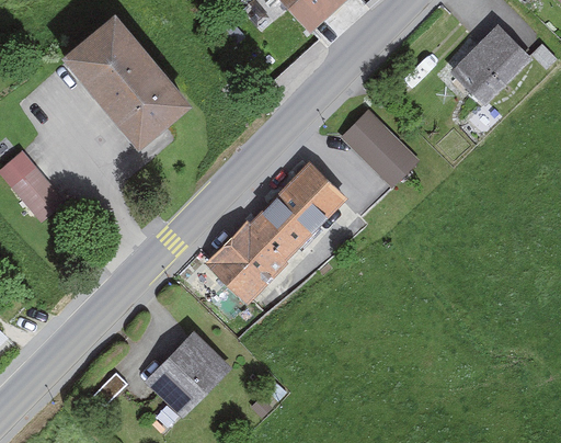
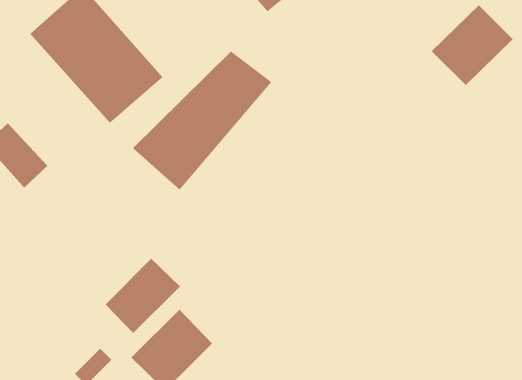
building: [341,110,423,189] -> none
building: [203,168,344,309] -> [132,51,272,190]
building: none -> [105,258,181,334]

